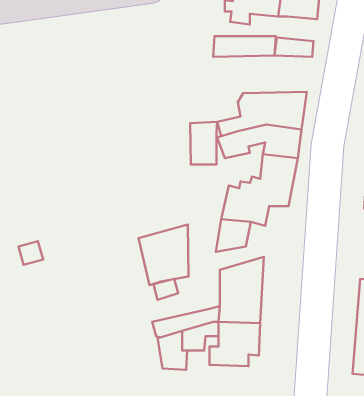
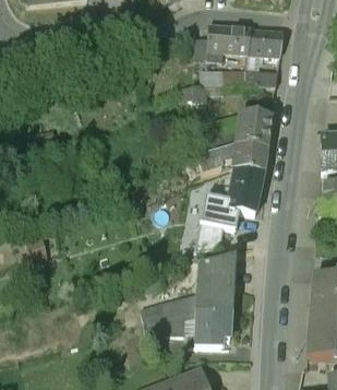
building: [190,122,217,164] -> none
building: [139,225,189,285] -> none

